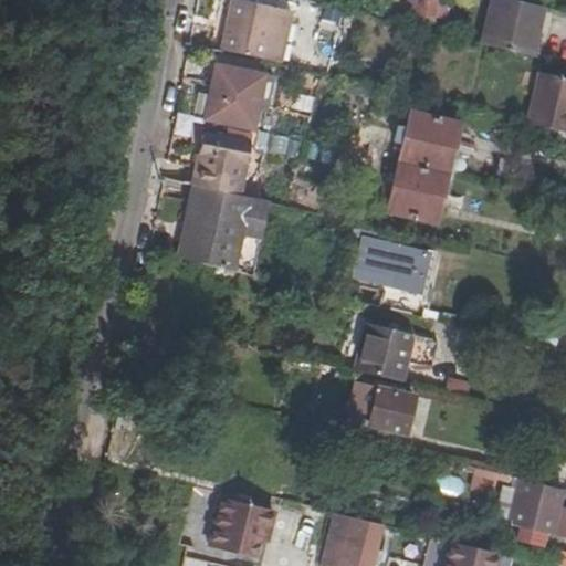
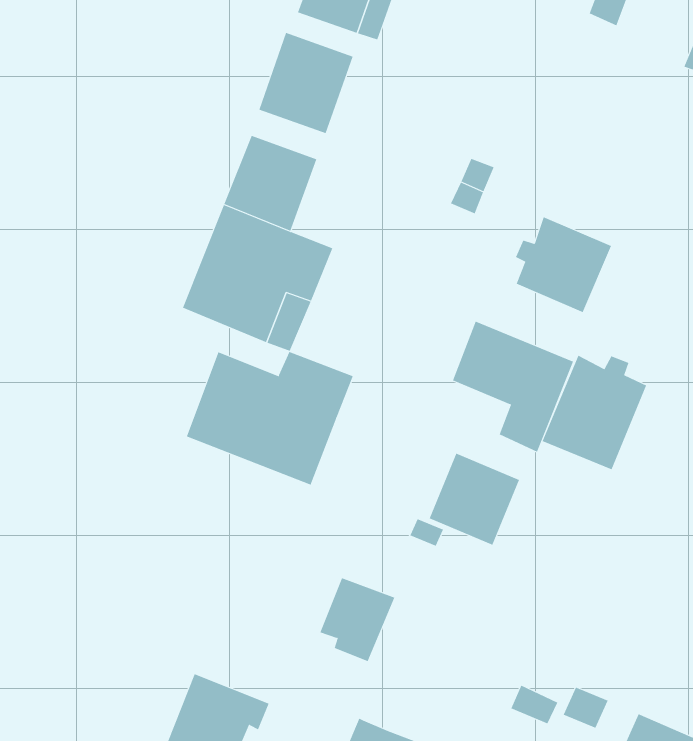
building: [402,111,467,171] -> none
building: none -> [542,355,647,470]
building: none -> [186,351,354,486]
building: [373,387,419,440] -> [320,578,395,662]

